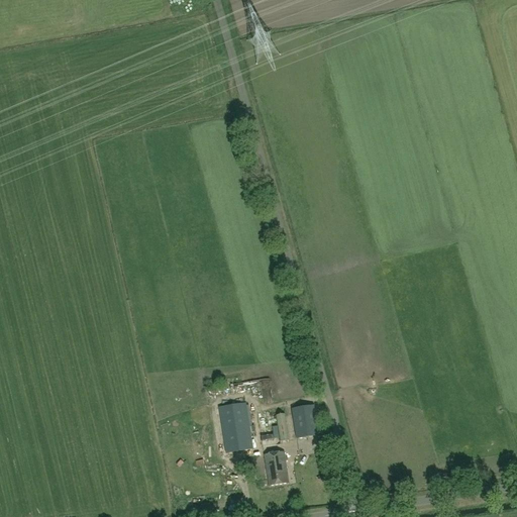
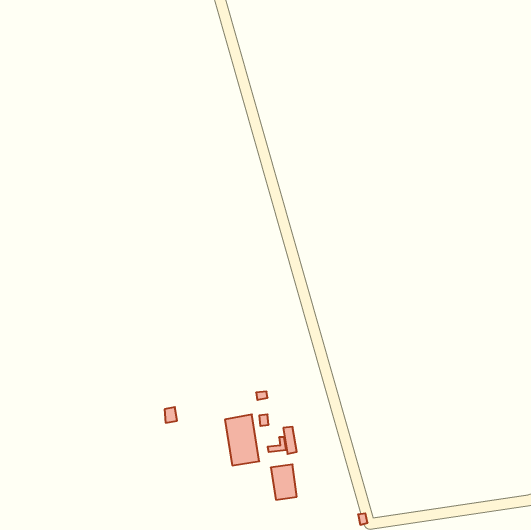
building: [291,404,318,437] -> none

